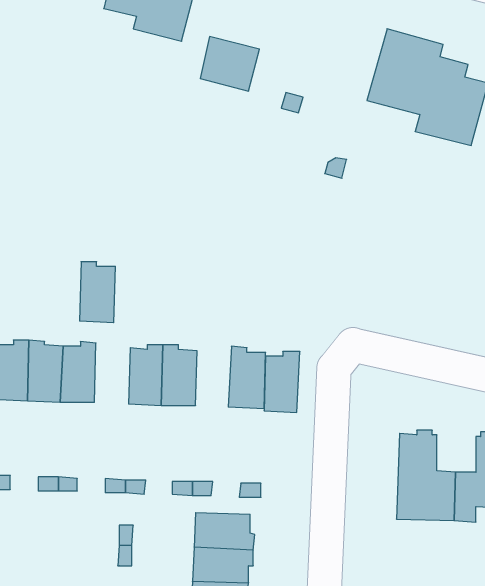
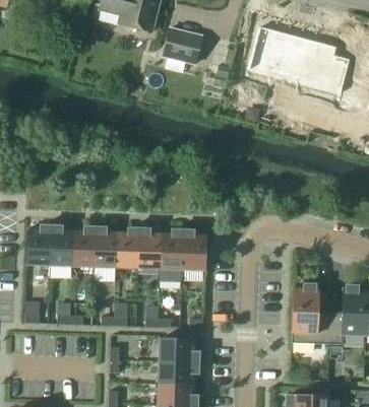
building: none -> [250,17,286,70]
building: [80,262,115,323] -> [95,228,118,268]
building: [264,352,300,412] -> [161,230,184,270]

